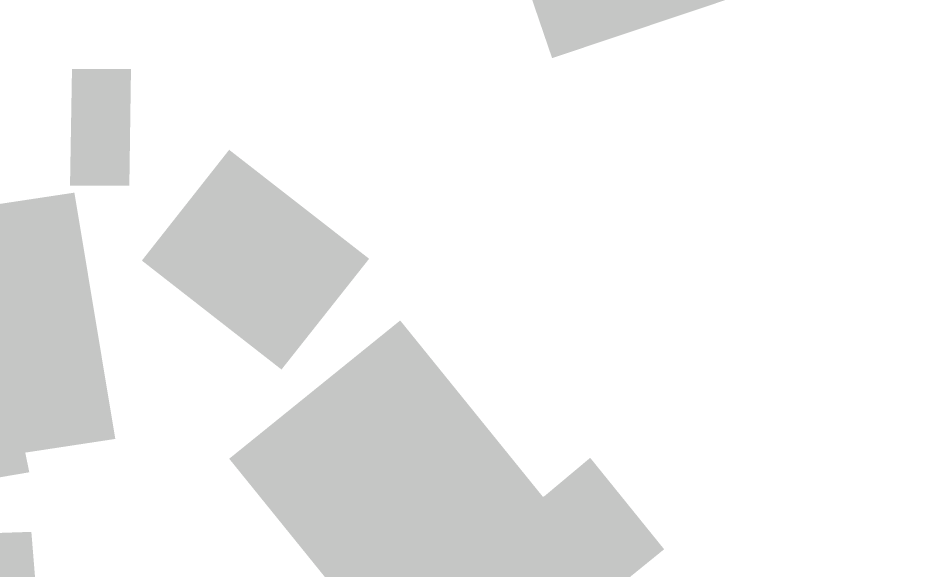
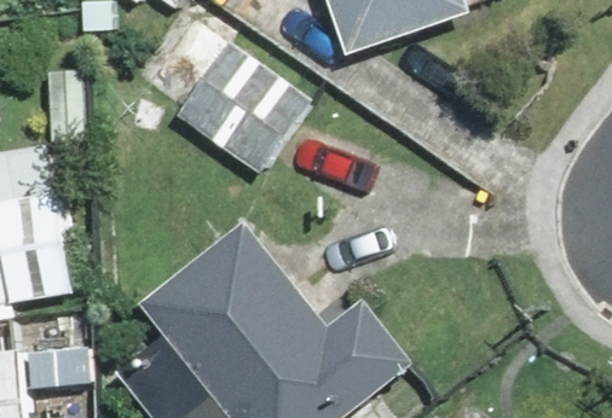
building: [141,149,370,370] -> [172,41,313,178]

